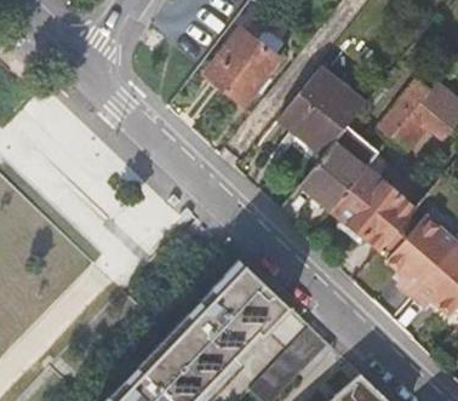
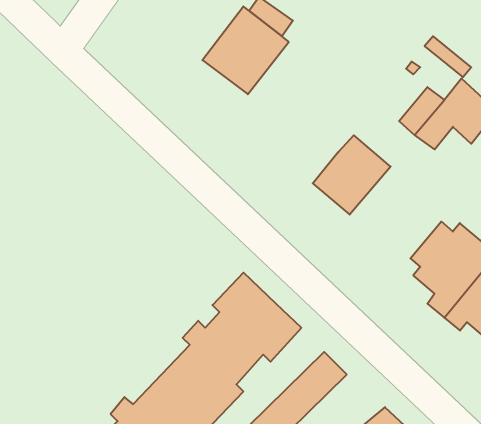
building: [277,57,379,155] -> none
building: [331,167,416,250] -> none

